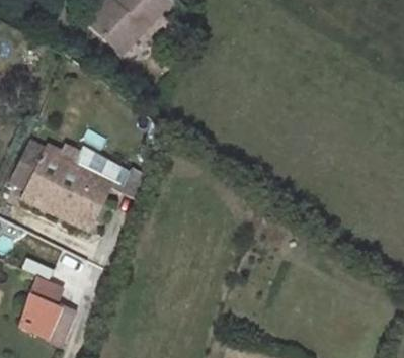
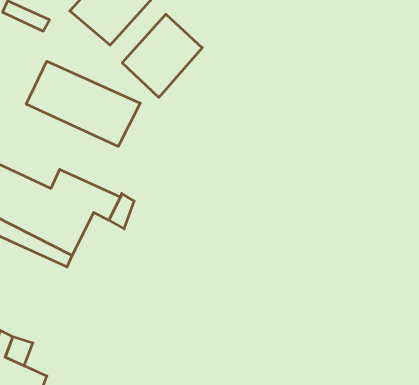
building: none -> [122,14,202,97]
building: none -> [26,61,140,146]

